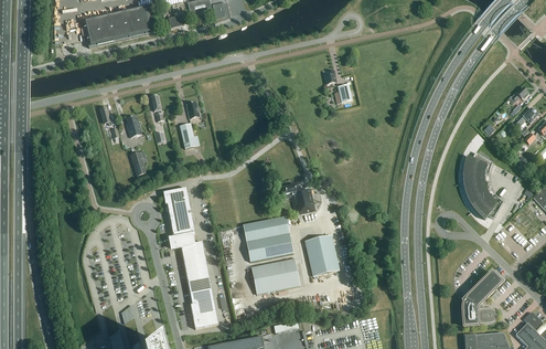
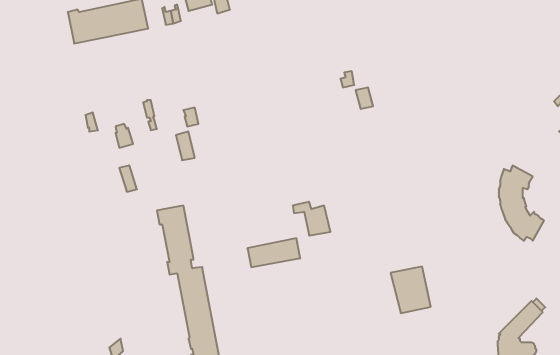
building: [246,233,293,261] -> none
building: [304,234,340,275] -> [391,267,431,313]
building: [251,257,300,293] -> none

